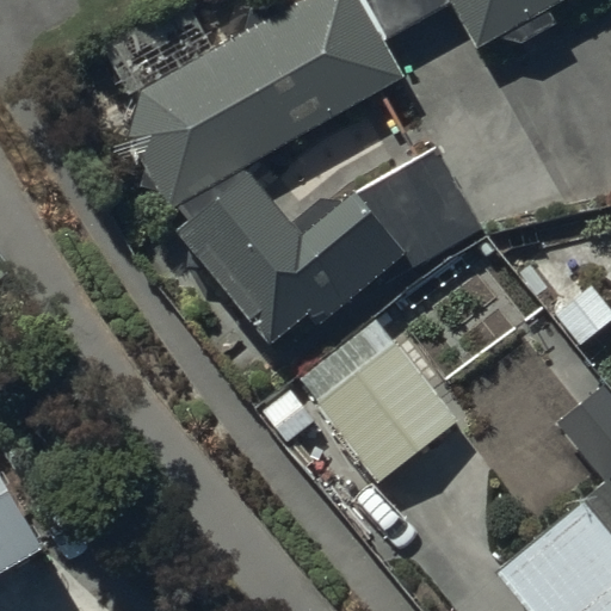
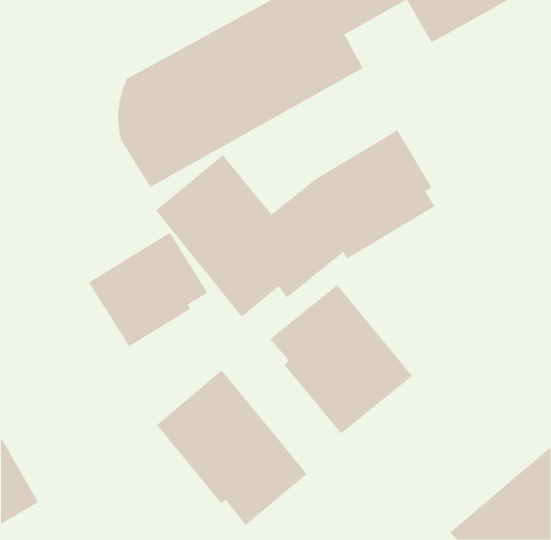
building: none -> [88,232,208,347]
building: none -> [156,370,307,526]

